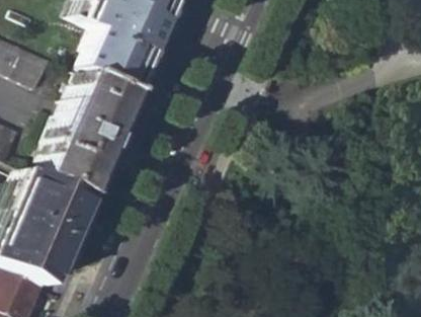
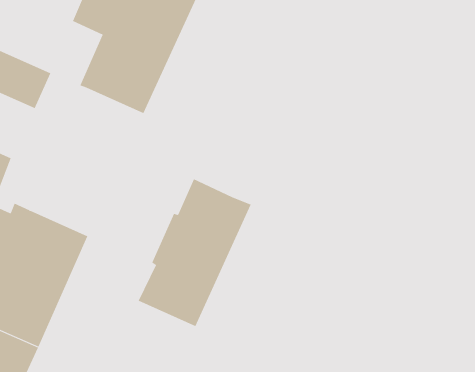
building: [39,76,133,197] -> [138,179,252,327]

